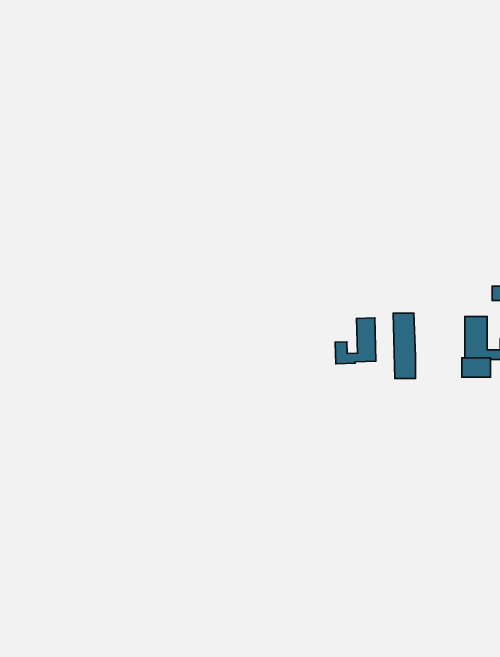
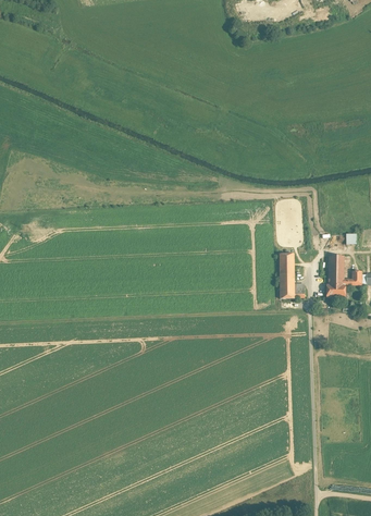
building: [335,318,376,364] -> none

